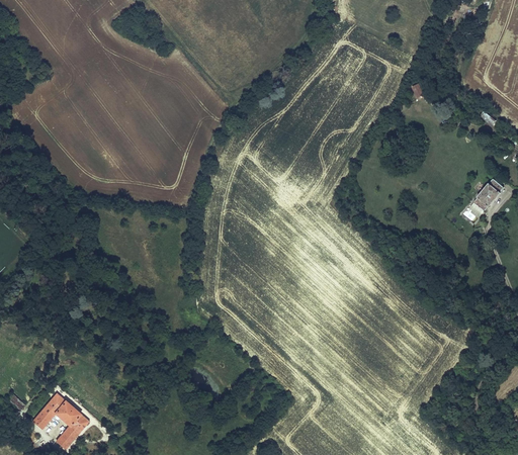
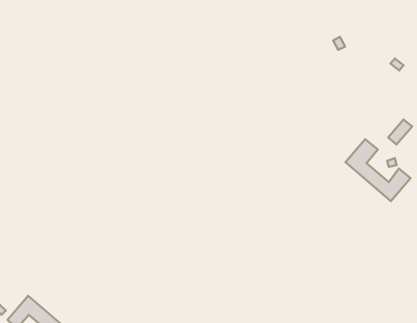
building: none -> [345,139,410,201]

